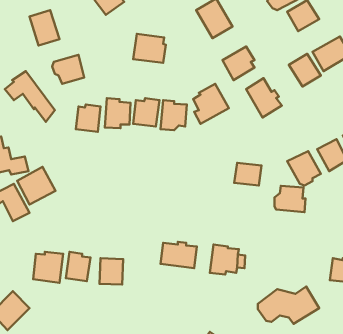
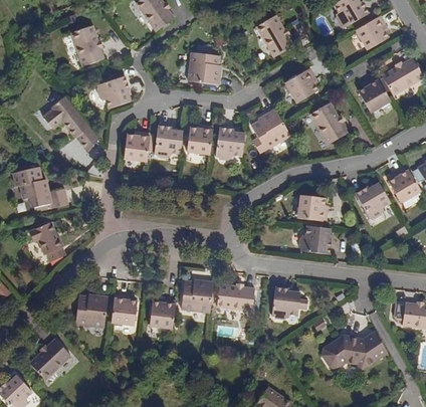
building: [17,167,56,205] -> none
building: [274,186,305,212] -> [298,225,333,254]
building: none -> [180,277,213,315]

